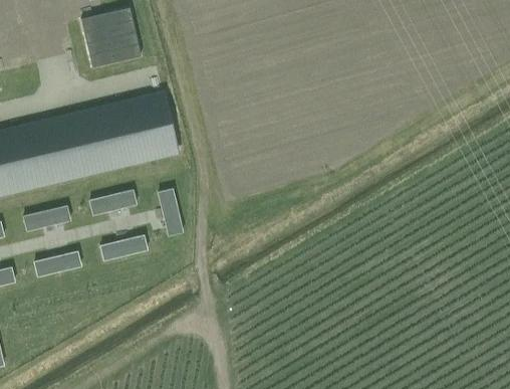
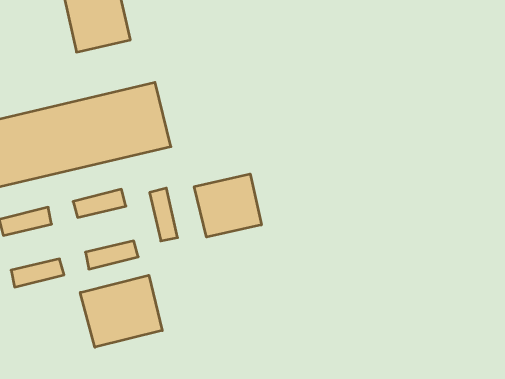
building: none -> [194,174,261,237]
building: none -> [80,275,162,347]

